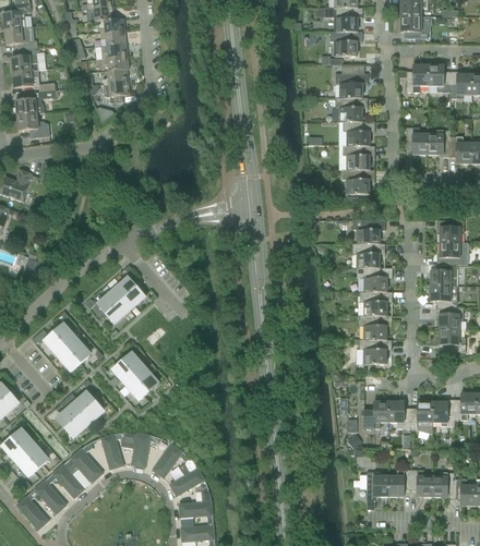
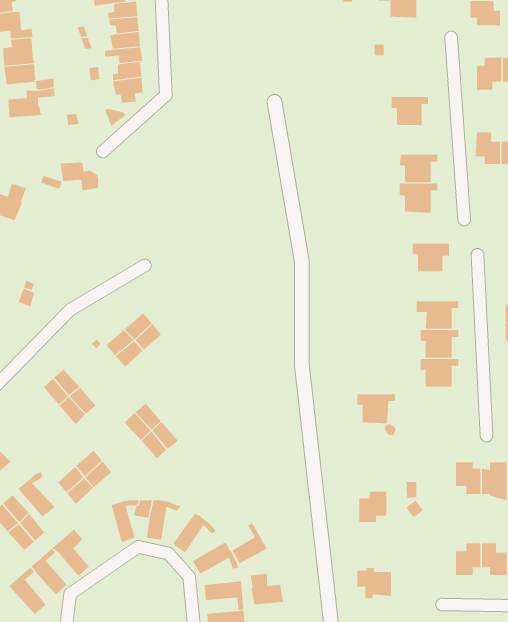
building: [329,31,362,56] -> none
building: [335,64,368,97] -> none
building: [16,113,49,137] -> [60,162,99,191]
building: [343,121,374,145] -> none
building: [352,243,384,267] -> none
building: [359,339,392,364] -> [356,394,396,424]
building: [364,401,388,427] -> [358,491,387,523]
building: [71,442,103,481] -> [17,472,55,517]
building: none -> [231,523,267,564]
building: [359,472,388,498] -> [357,567,392,599]
building: none -> [250,573,283,605]

